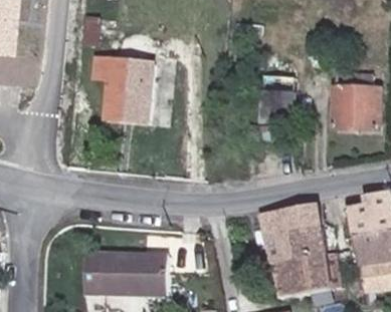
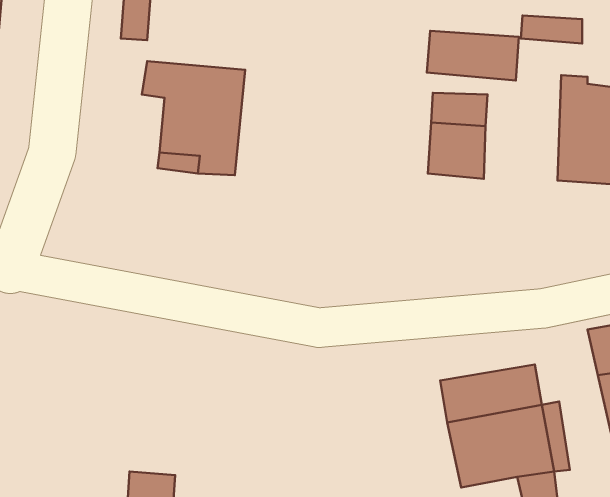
building: none -> [427,31,519,80]
building: [261,206,321,240] -> none
building: [81,250,165,292] -> none

